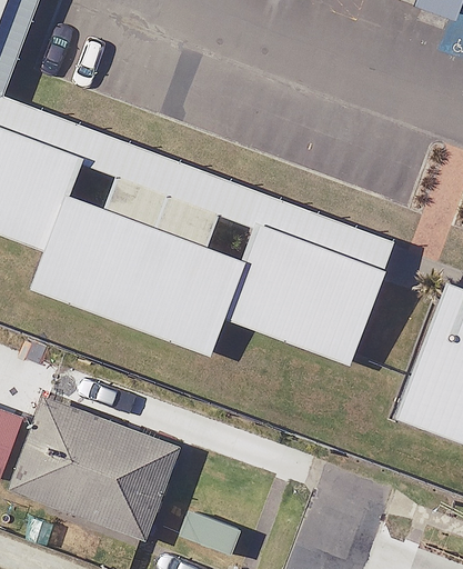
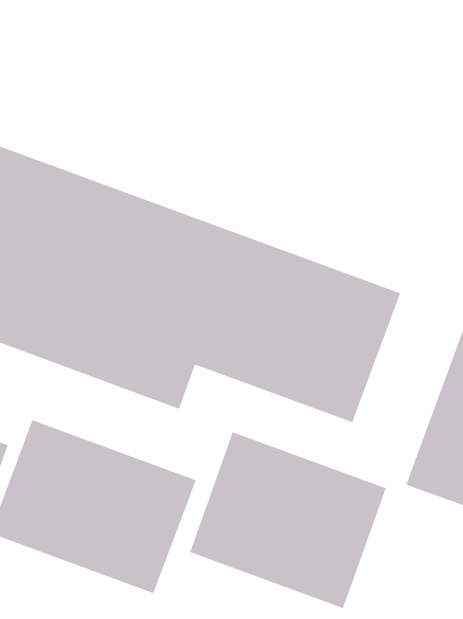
building: none -> [189,431,387,609]

